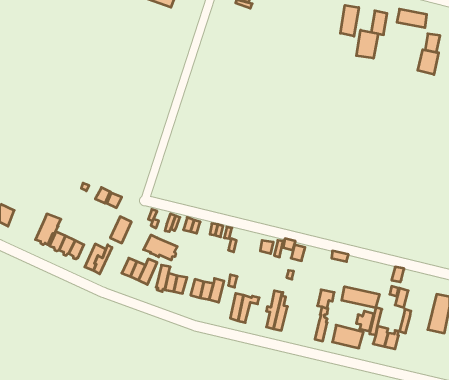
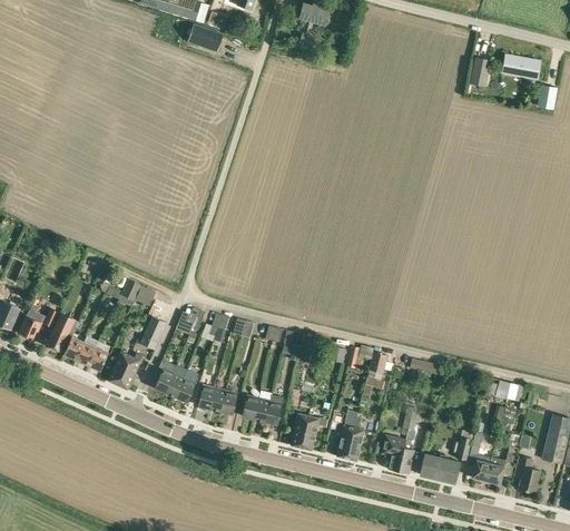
building: [340,5,359,36] -> none
building: [356,30,378,58] -> none
building: [418,50,439,75] -> none
building: none -> [18,307,59,340]
building: [143,235,177,260] -> none
building: [342,287,379,308] -> none
building: none -> [382,435,406,471]
building: none -> [517,456,540,491]

